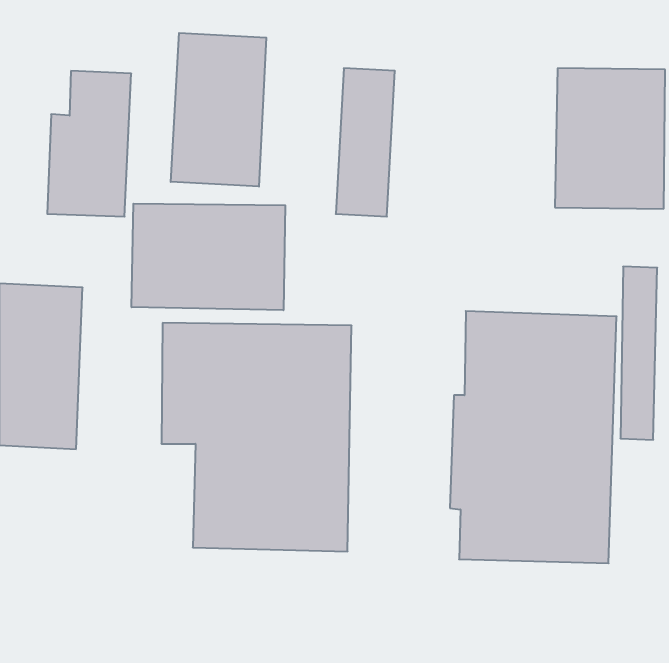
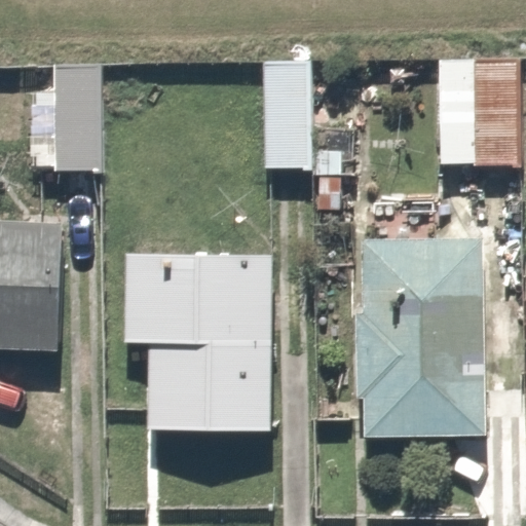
building: [171,33,266,187] -> none
building: [132,204,285,310] -> none

